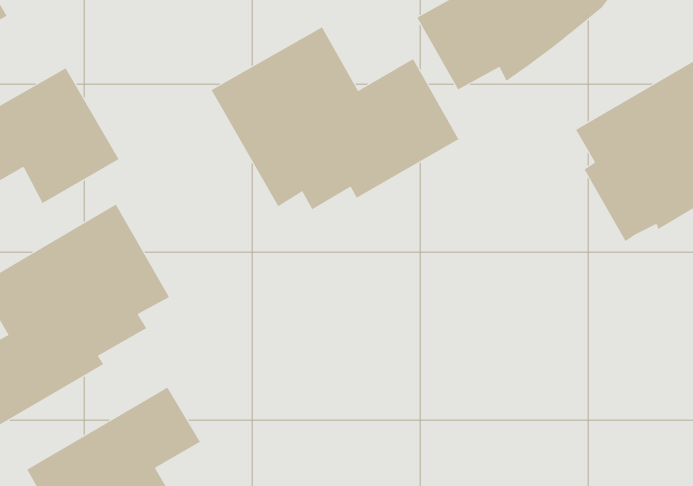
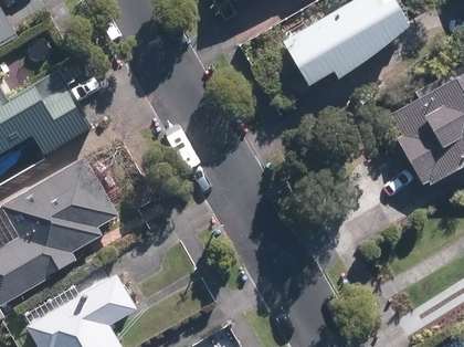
building: [211,27,459,210] -> none

